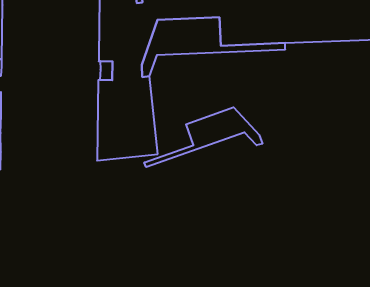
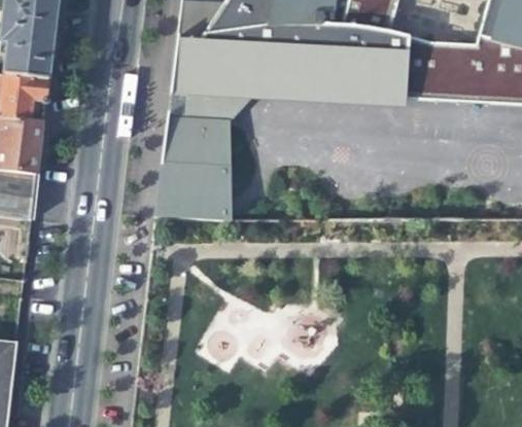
building: [144,107,262,167] -> none

